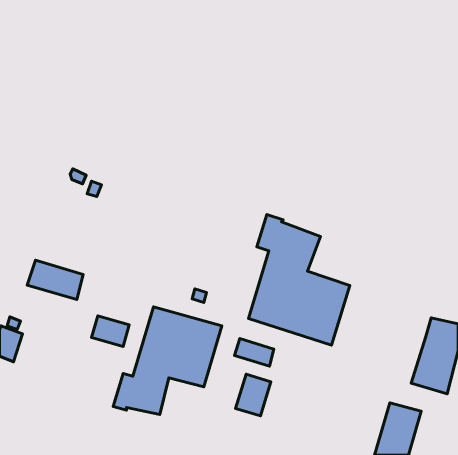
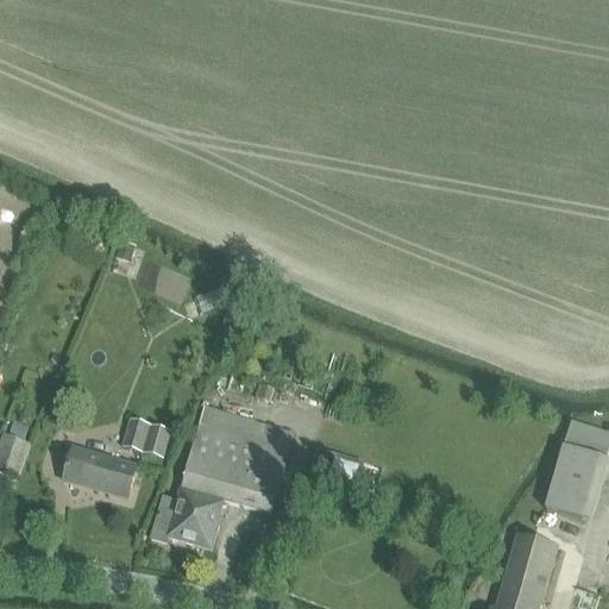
building: [248,214,350,345] -> none
building: [27,260,83,300] -> [63,445,137,497]
building: [236,374,271,416] -> none

